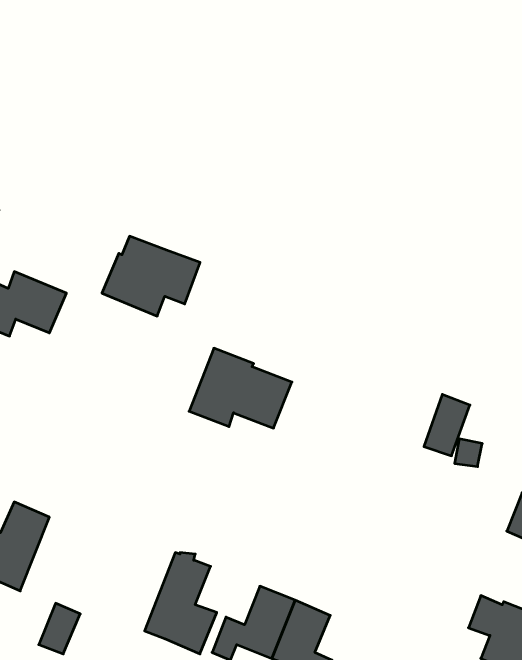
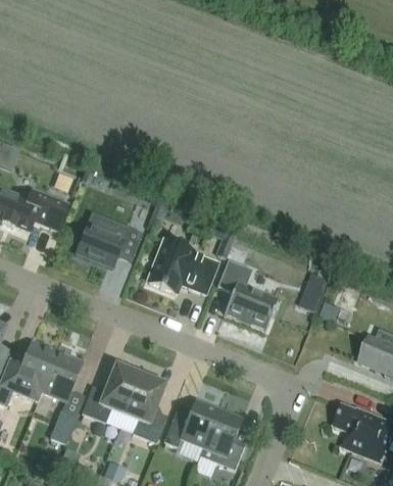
building: [102,236,200,316] -> [76,214,141,268]
building: none -> [216,259,277,328]
building: none -> [36,352,81,401]
building: none -> [81,367,139,428]

